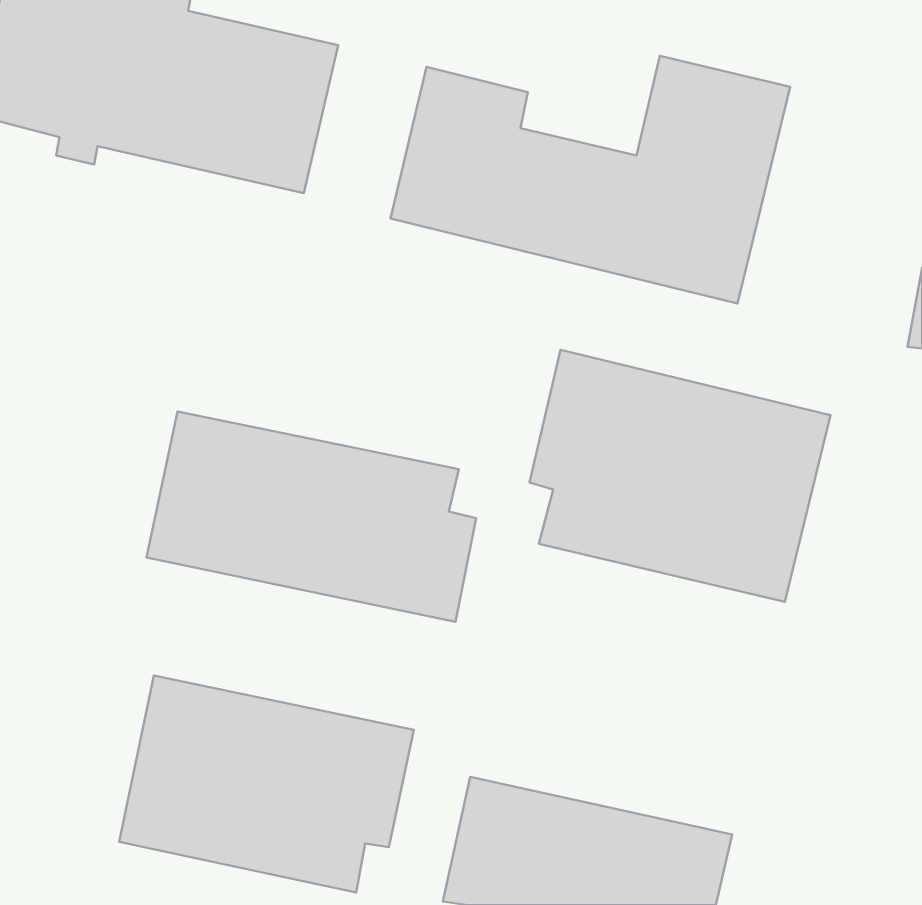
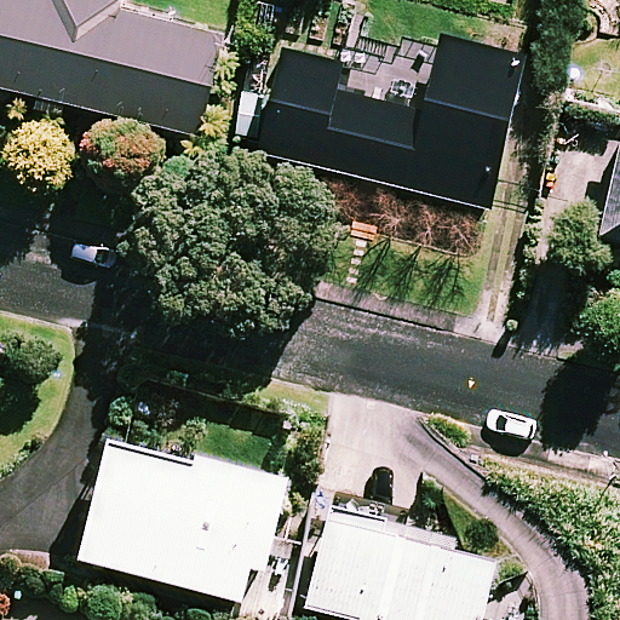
building: [529,350,830,602] -> none
building: [147,412,476,622] -> none

